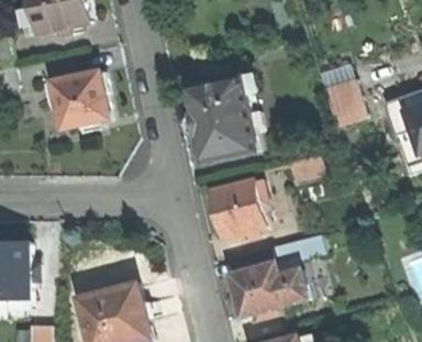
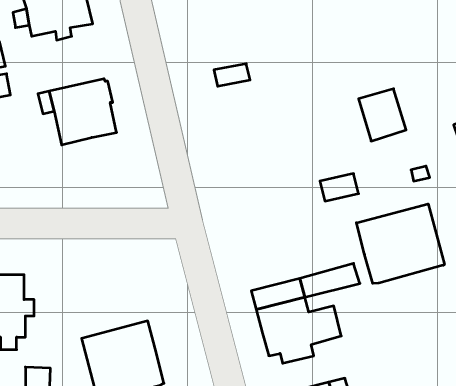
building: [186,74,259,161] -> none
building: [209,178,266,239] -> none
building: none -> [356,204,444,283]

